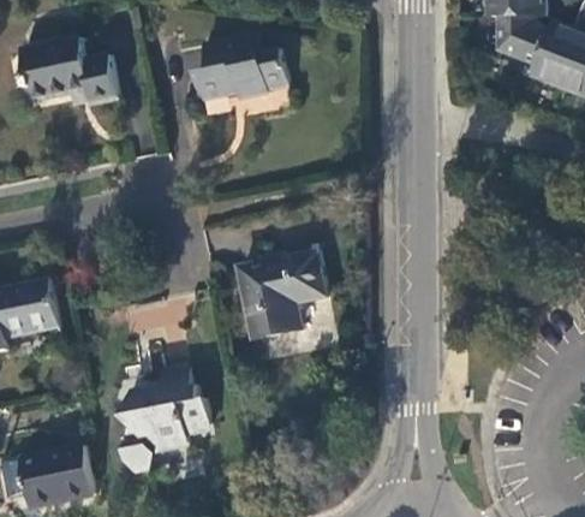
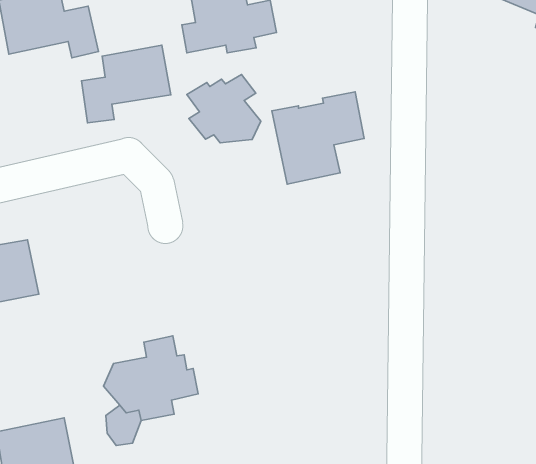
building: none -> [81,45,171,123]
building: none -> [187,74,261,143]
building: [238,252,326,340] -> [272,92,364,184]

